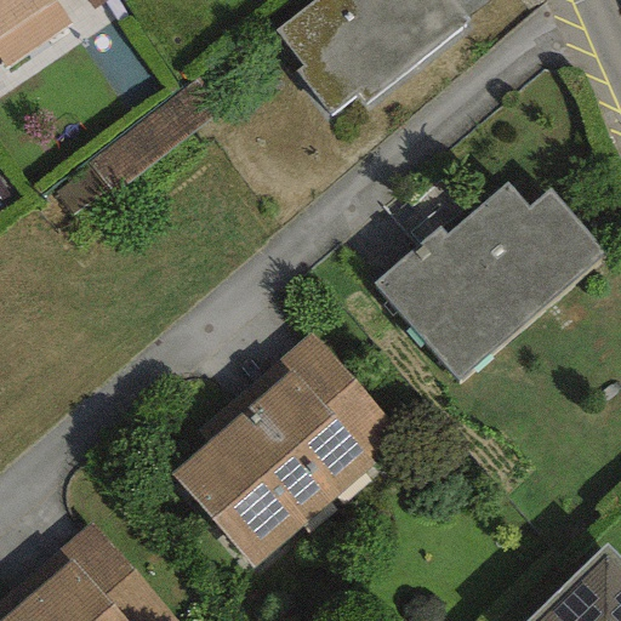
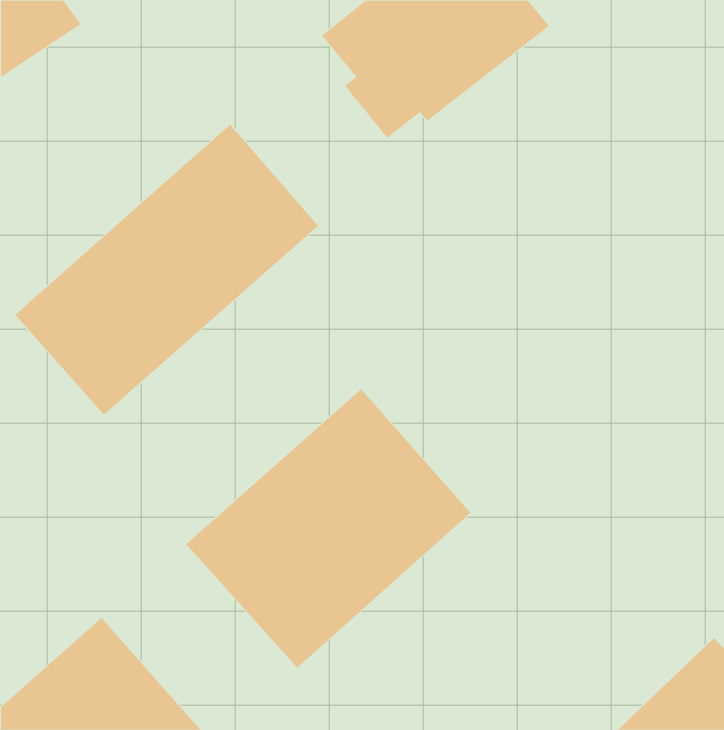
building: none -> [15,124,319,415]
building: [376,183,606,380] -> none

